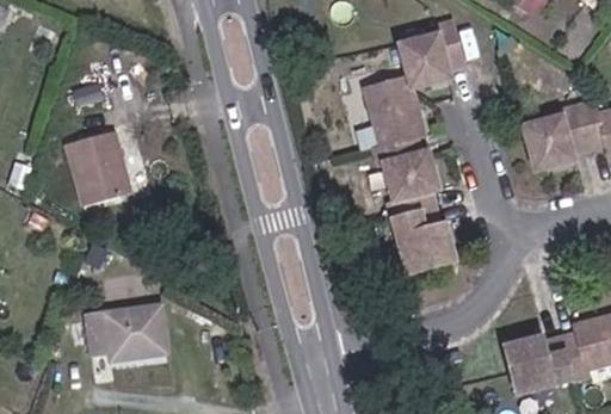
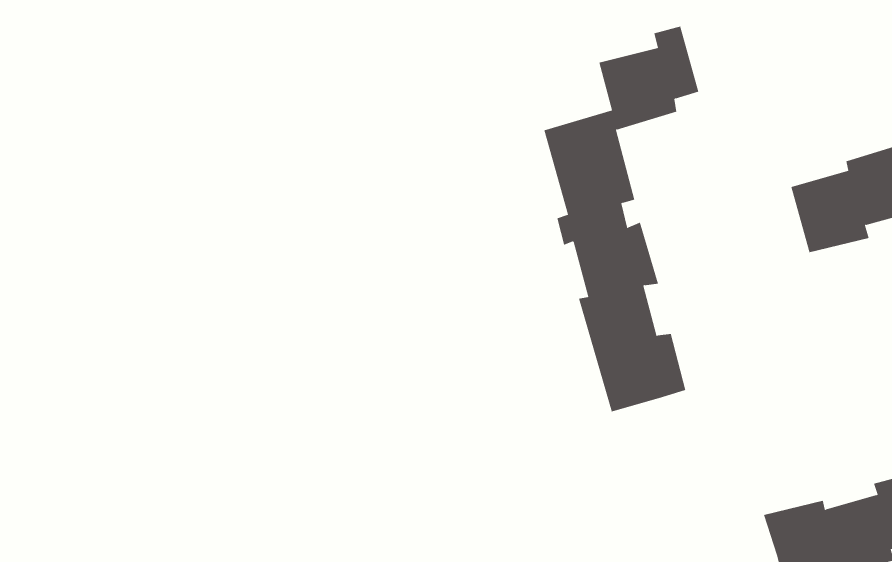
building: [68,134,132,206] -> none
building: [90,307,168,362] -> none

